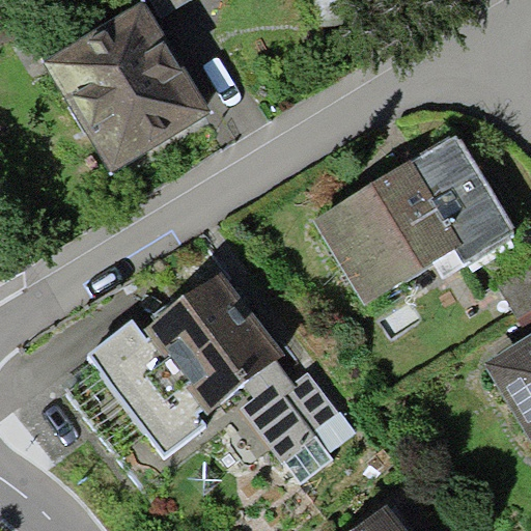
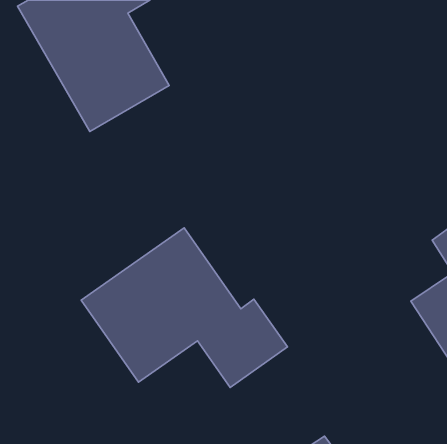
building: [316,138,507,307] -> none

